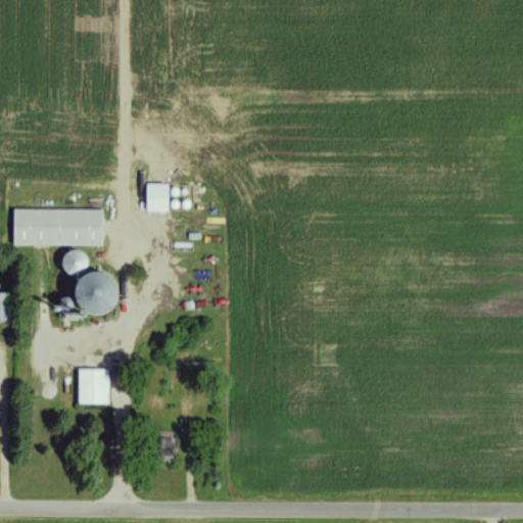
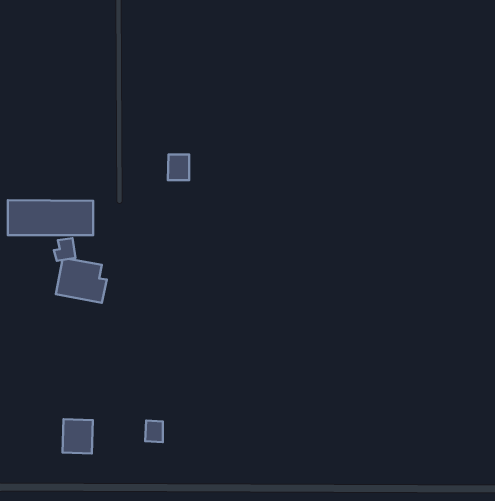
building: [145,184,168,210] -> [168,155,189,180]
building: [79,369,110,405] -> [63,419,93,454]

